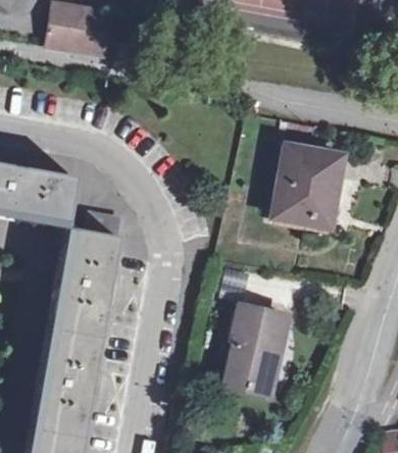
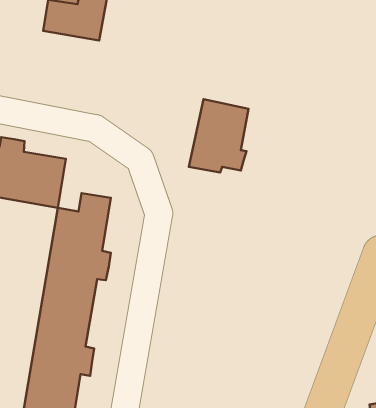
building: [282,149,344,225] -> [189,99,249,173]
building: [227,303,288,389] -> none

